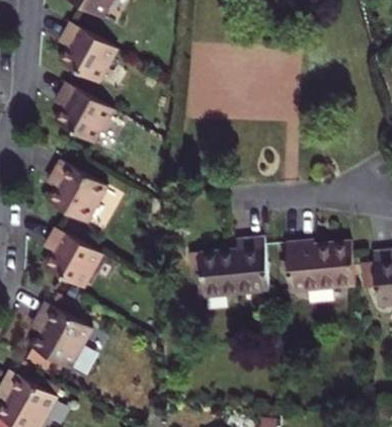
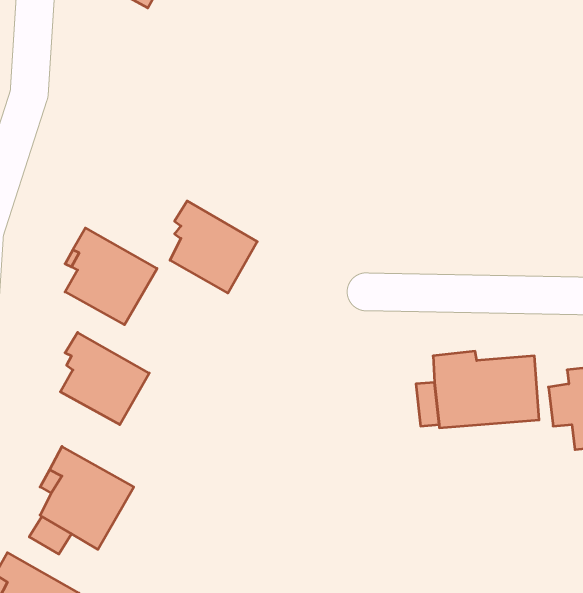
building: [61,22,117,83] -> none
building: [57,83,113,143] -> [170,201,257,293]
building: [189,242,270,295] -> none

